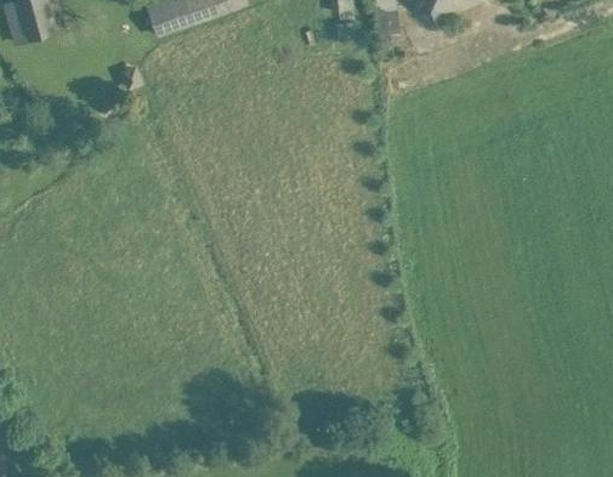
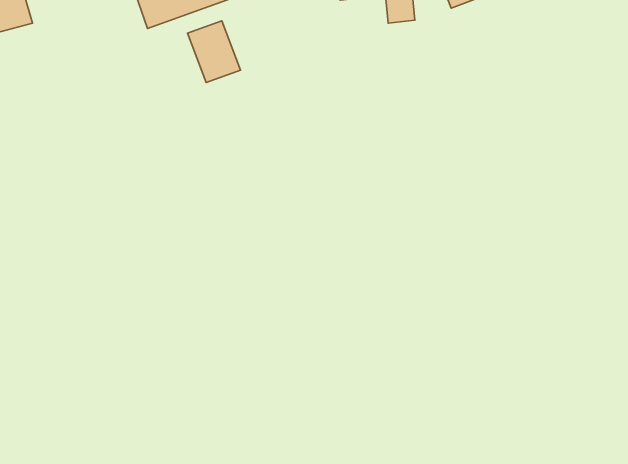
building: none -> [188,21,240,83]

